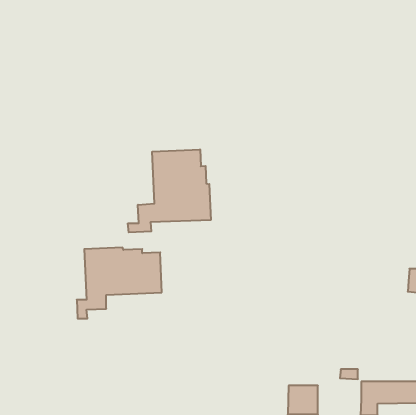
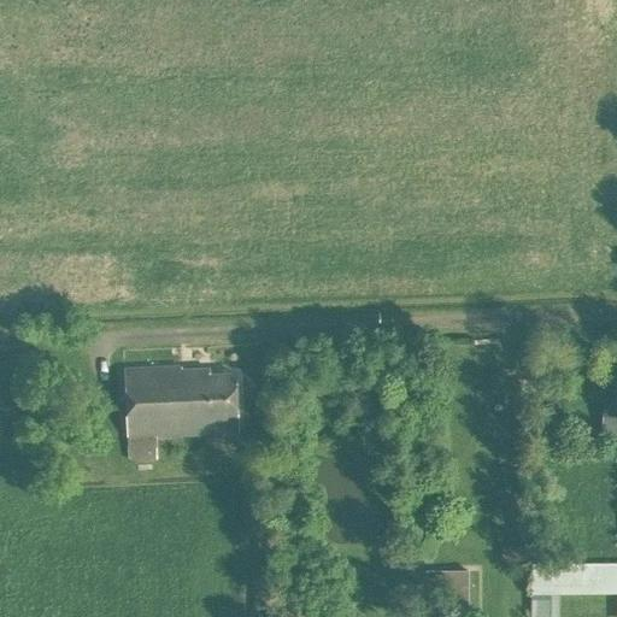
building: [128,149,211,232] -> none

